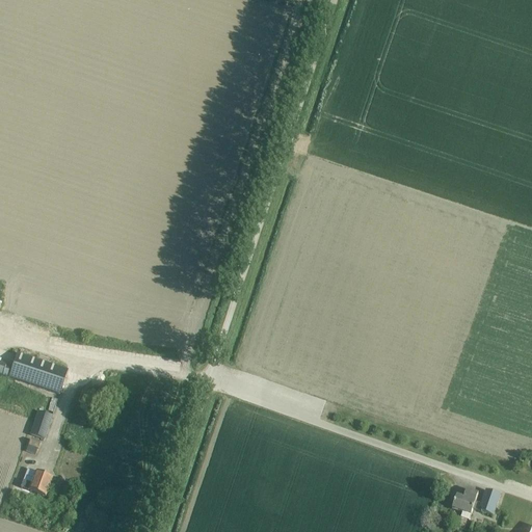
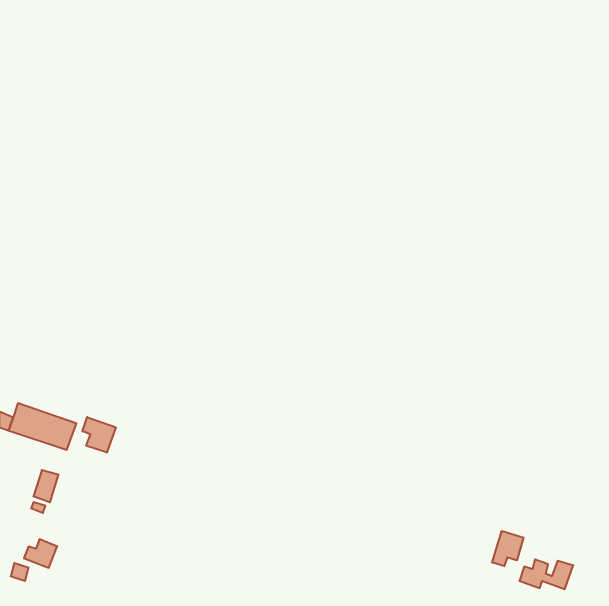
building: none -> [82,417,116,453]
building: none -> [492,531,524,566]

